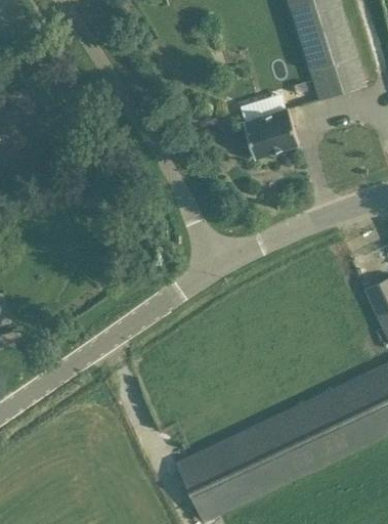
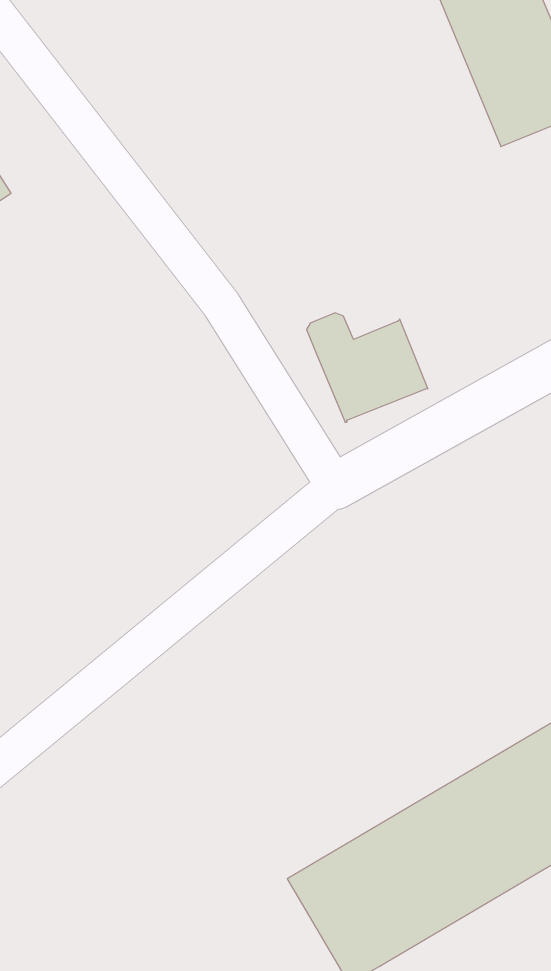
building: [238,101,297,158] -> [307,313,428,422]

